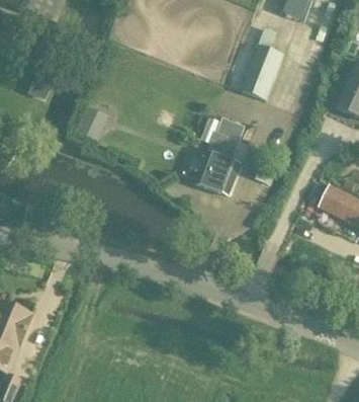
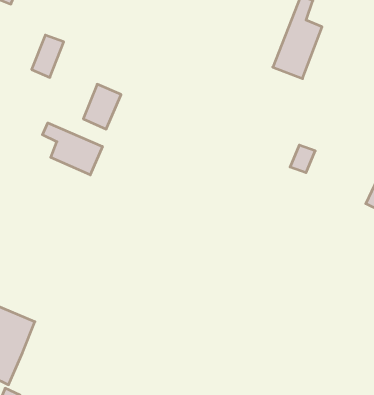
building: [197,117,244,195] -> none
building: none -> [42,123,102,175]

